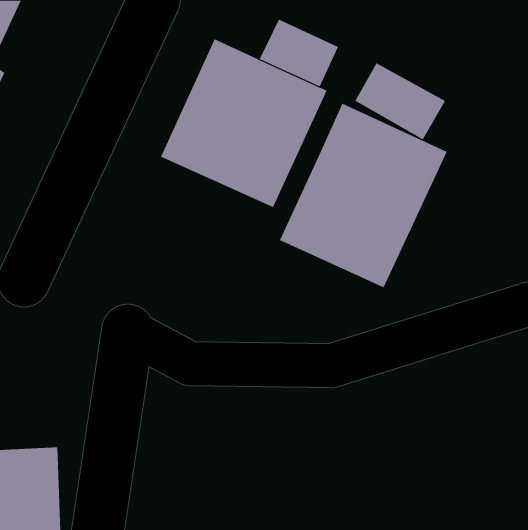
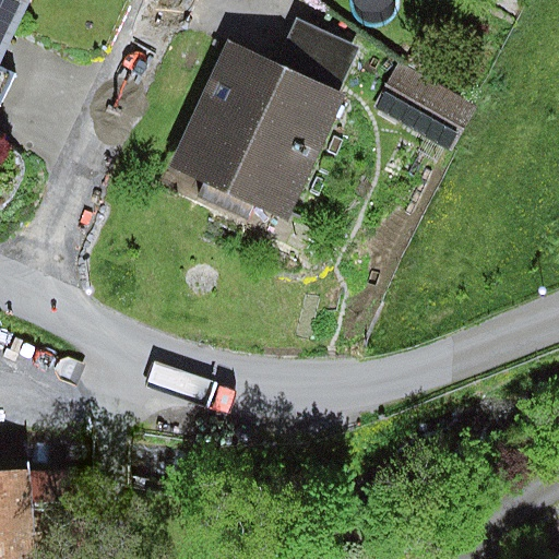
building: [279,103,448,288] -> none

